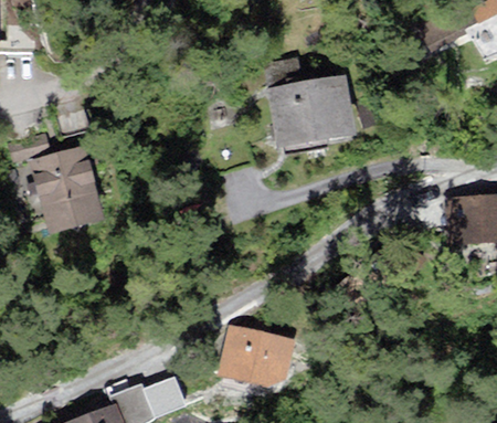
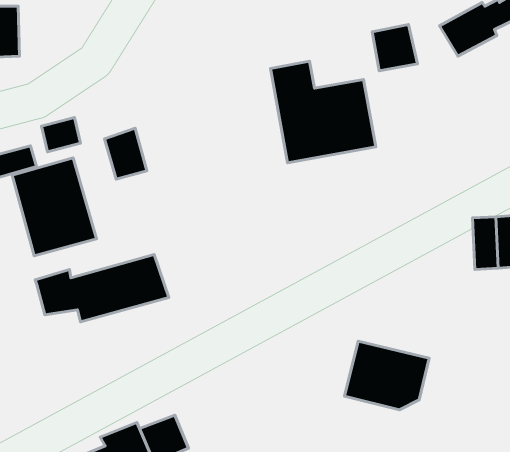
building: none -> [372,25,417,71]
building: none -> [105,128,147,179]
building: none -> [35,255,169,322]
building: [218,325,294,387] -> [345,341,429,410]

